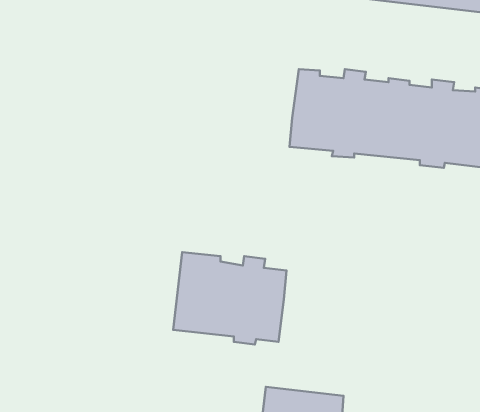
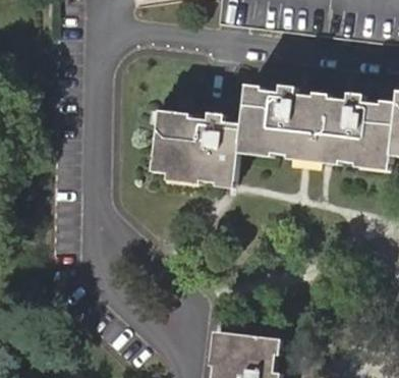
building: [173,252,286,344] -> [153,111,240,182]

